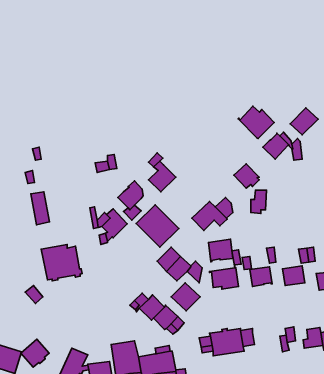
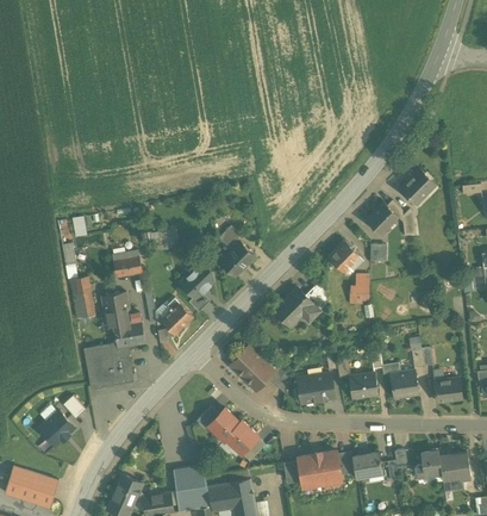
building: [238,106,274,139] -> none
building: none -> [112,251,142,280]
building: none -> [101,293,145,349]
building: [136,205,179,247] -> none
building: [209,239,233,262] -> none
building: [171,283,200,311] -> none
building: none -> [352,453,382,477]
building: [21,339,49,367] -> [39,411,75,447]

